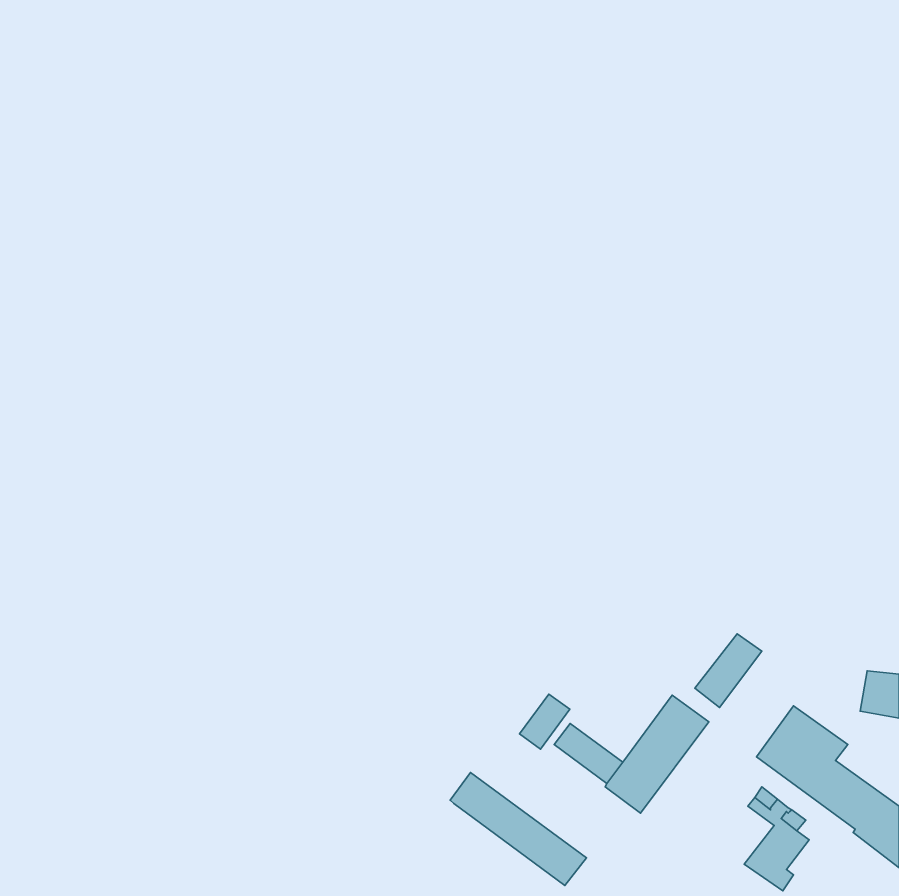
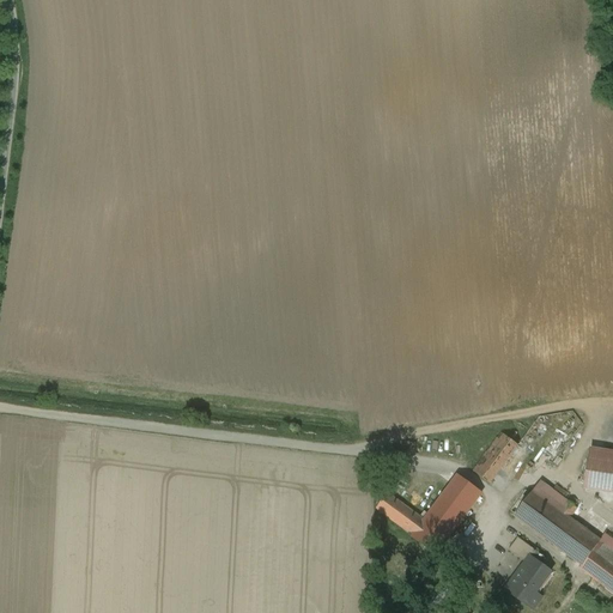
building: [520,694,570,749] -> none
building: [450,772,587,885] -> none

